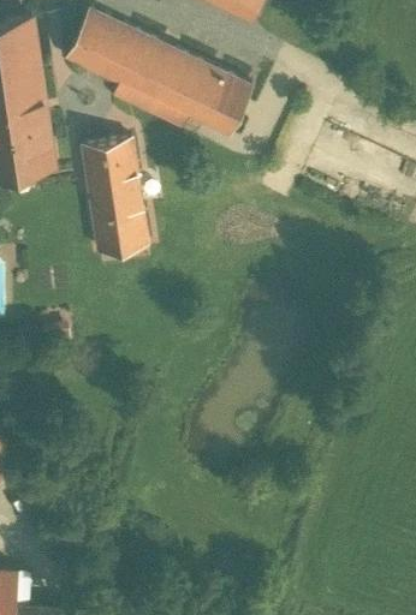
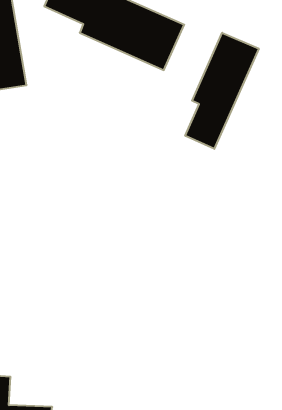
building: none -> [185,33,259,149]
building: [79,138,150,259] -> none

